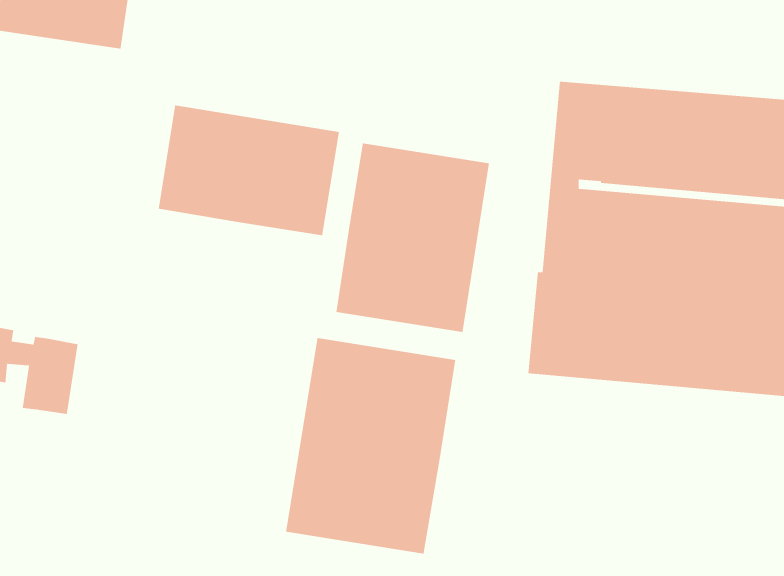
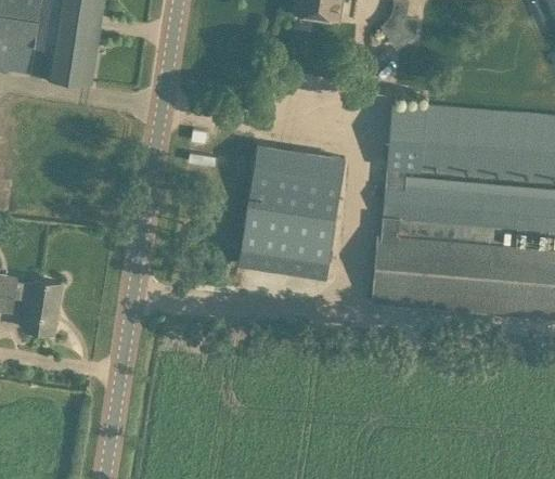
building: [158,105,340,236] -> none
building: [285,337,456,555] -> none

